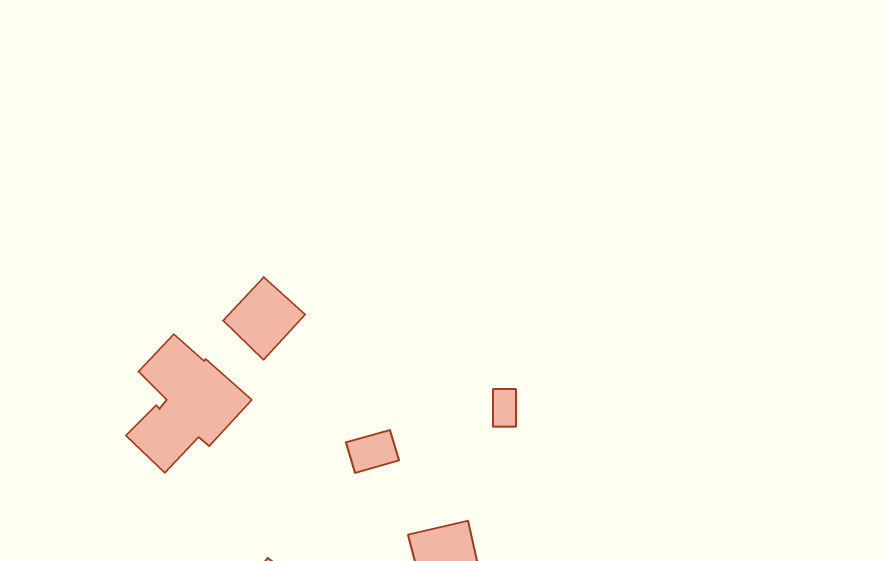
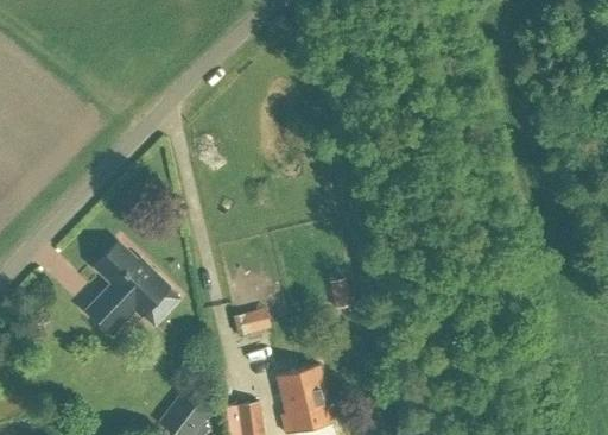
building: [223,277,305,360] -> none

